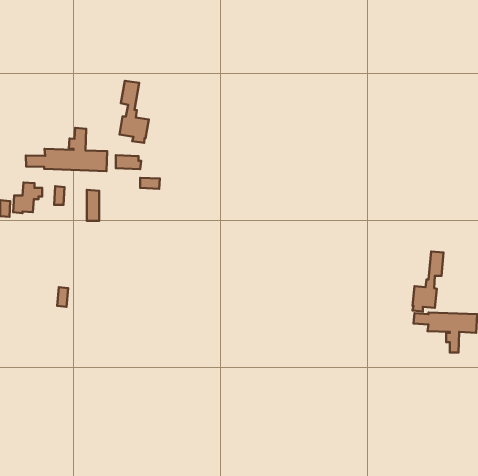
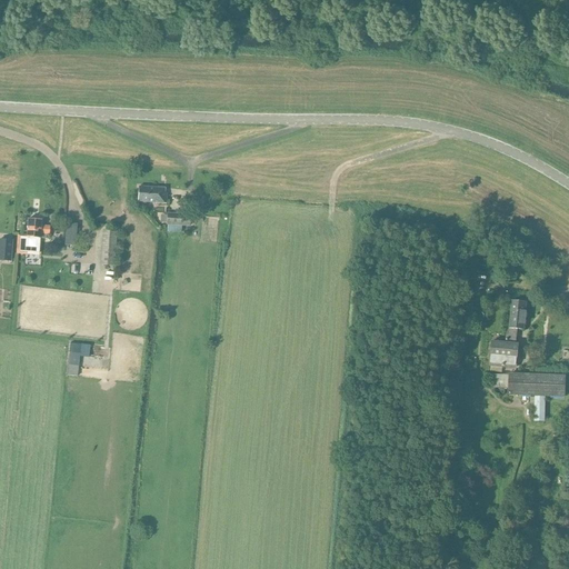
building: [119,81,149,143] -> none
building: [26,128,107,171] -> none

